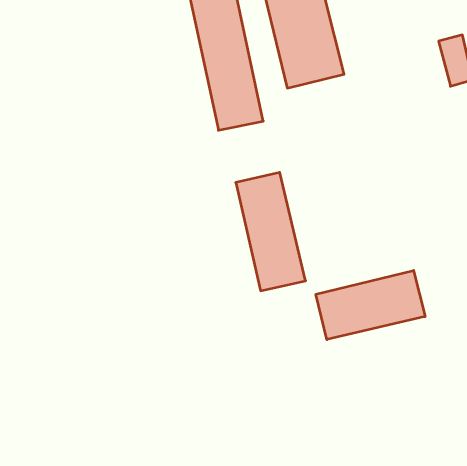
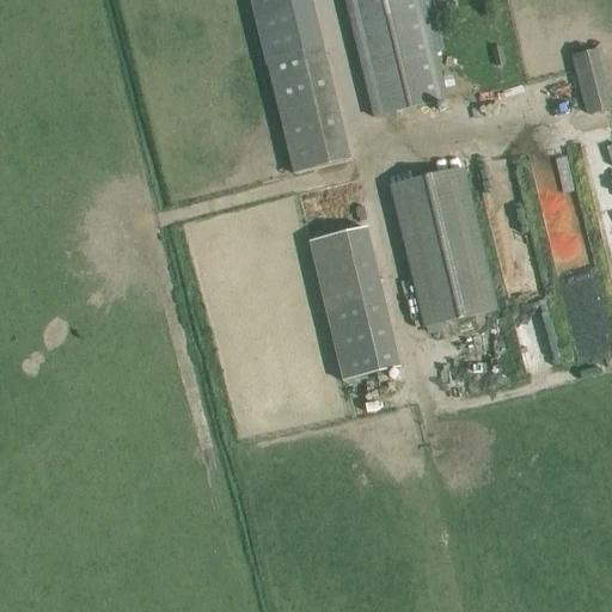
building: none -> [391,165,501,325]
building: [316,270,425,340] -> none

